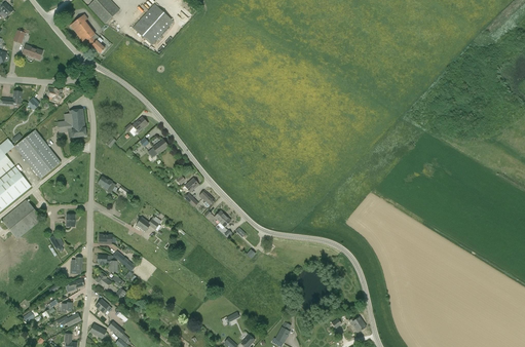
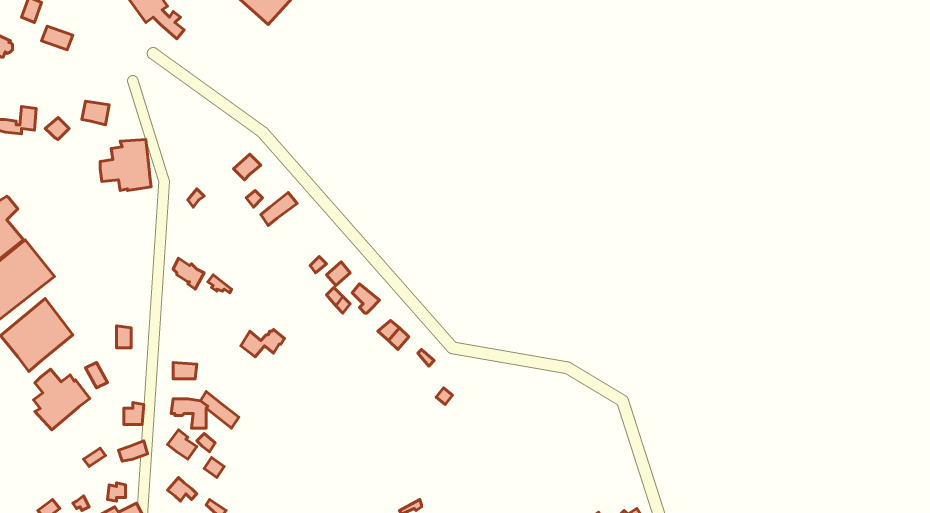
building: [13,128,61,179] -> none
building: none -> [34,369,90,430]

